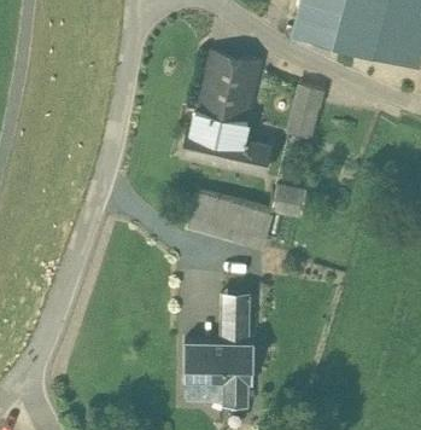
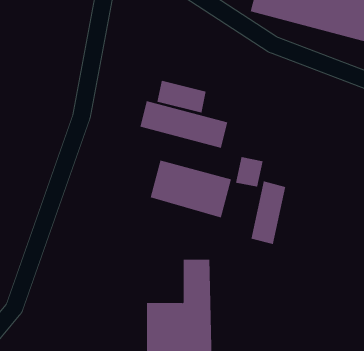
building: [199,54,261,120] -> none
building: [285,86,323,143] -> none
building: none -> [251,180,286,245]

